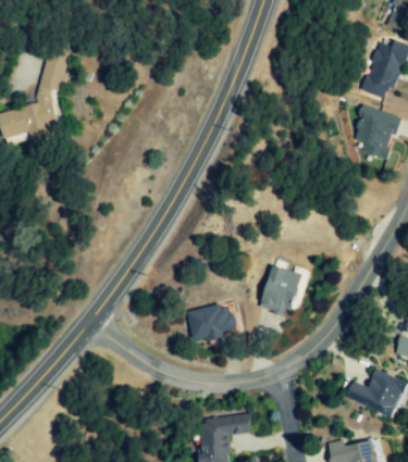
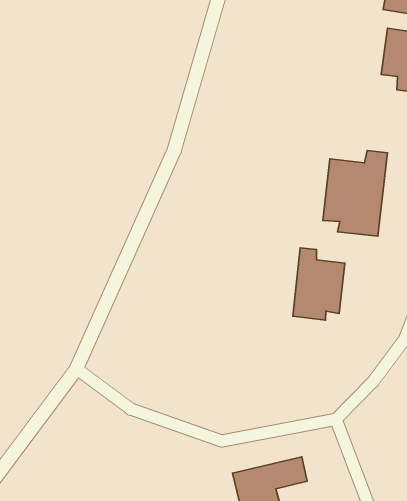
building: none -> [323,151,387,236]
building: [188,302,238,345] -> none

